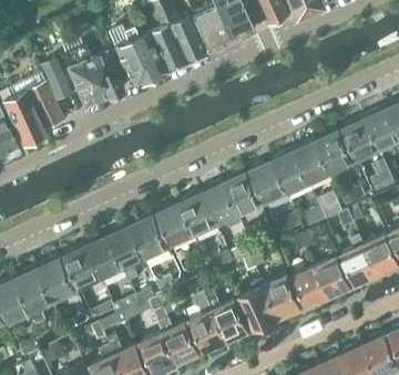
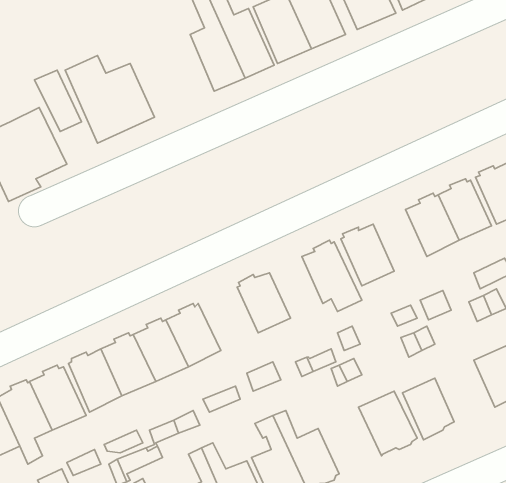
building: [112,27,164,84] -> none
building: [273,152,309,194] -> none
building: [202,183,242,229] -> none
building: [157,205,194,246] -> none
building: [315,257,351,296] -> none
building: [239,287,278,331] -> none

